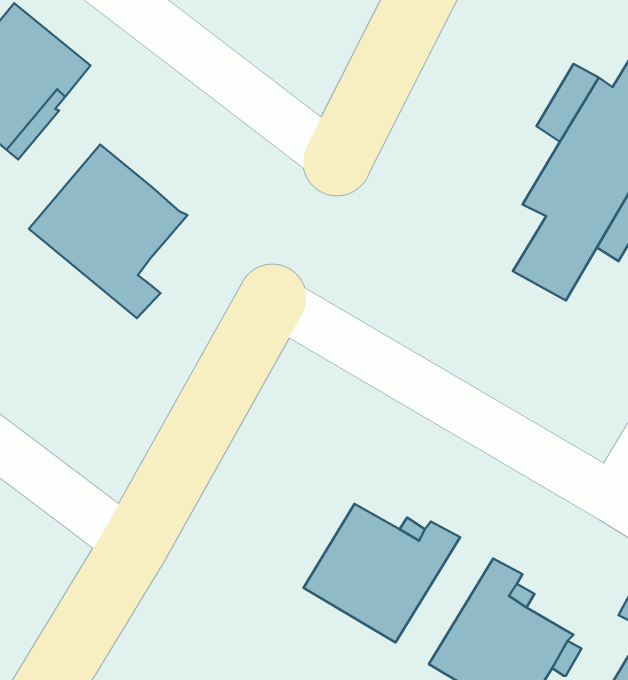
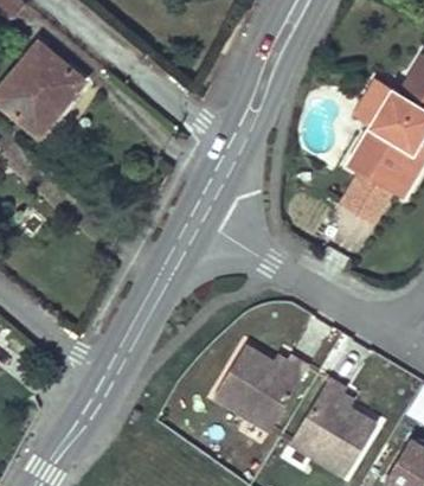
building: [29,145,188,318] -> none

